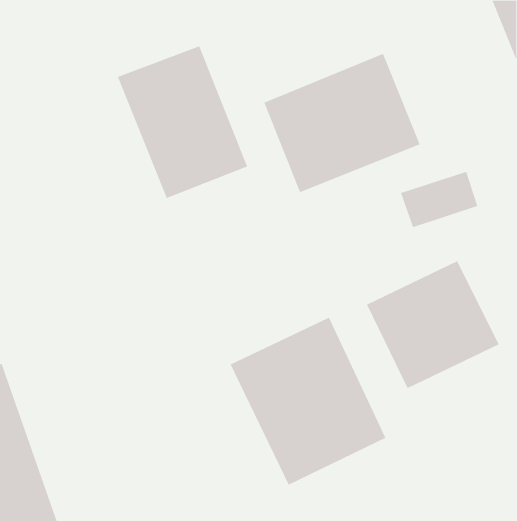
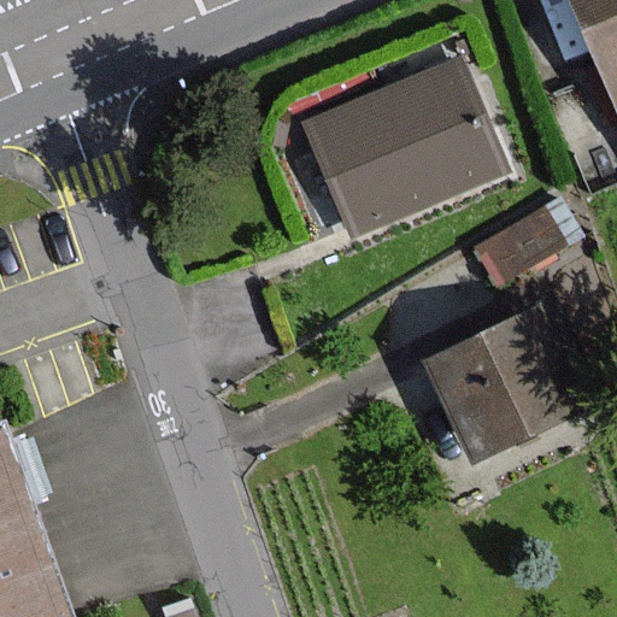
building: [117,46,248,199] -> none
building: [230,317,386,485] -> none

